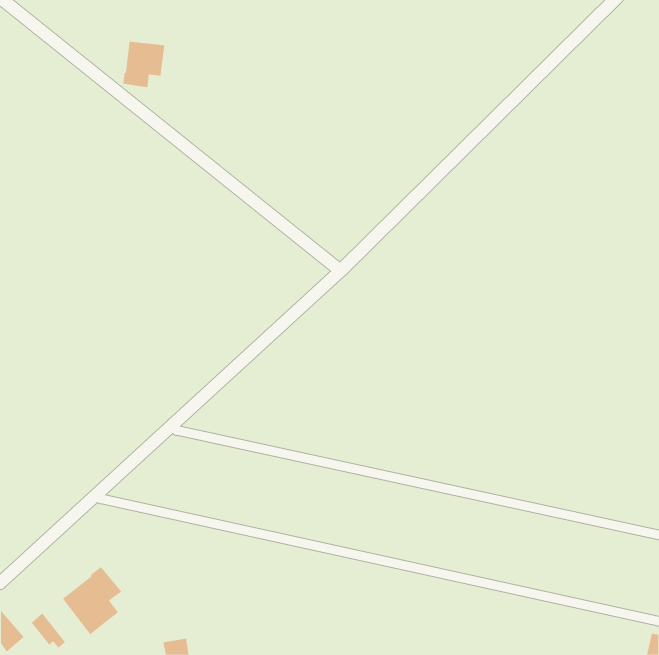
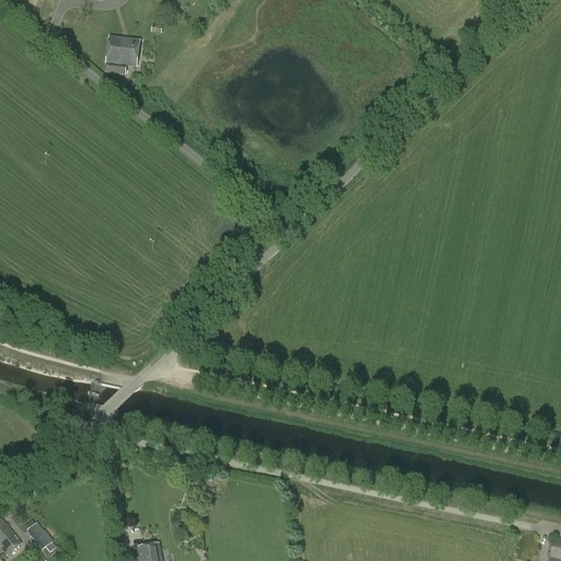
building: [62,566,122,635] -> none

